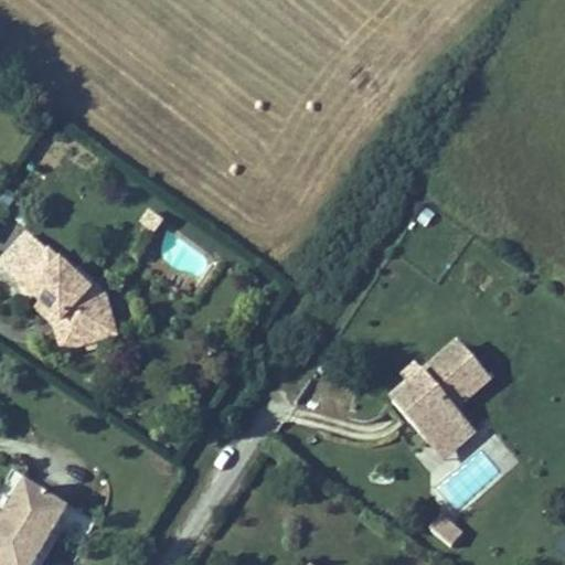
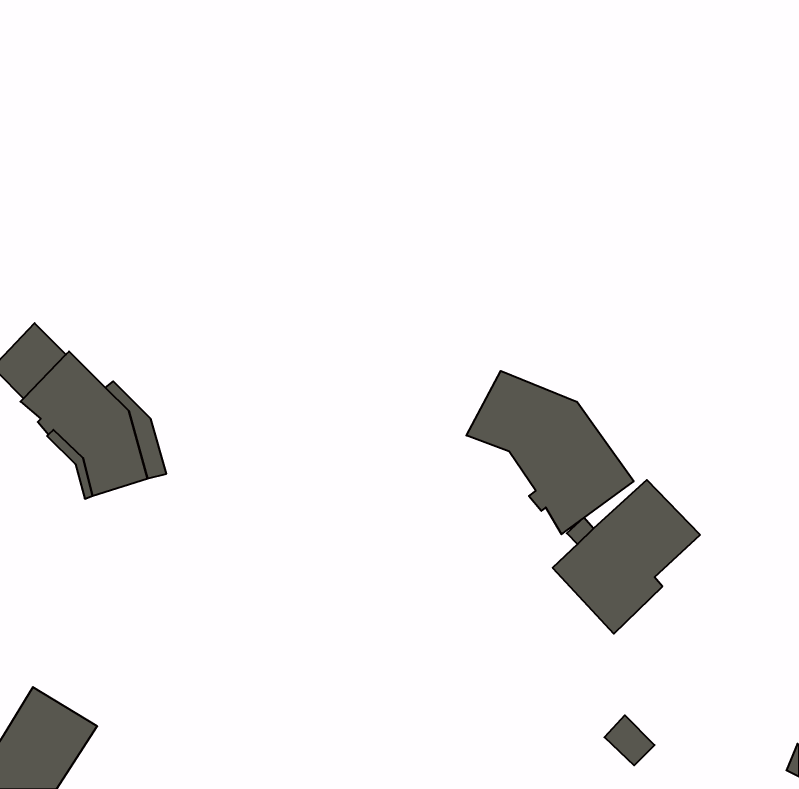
building: none -> [466,371,634,534]
building: [431,413,481,461] -> none

